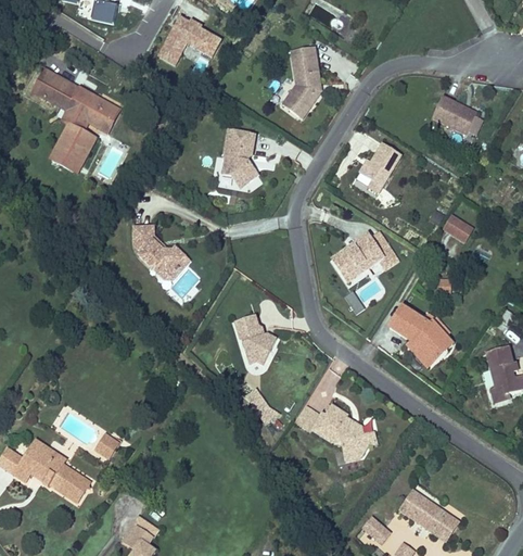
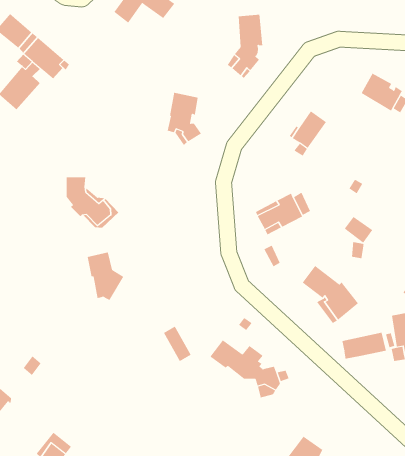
building: [442,214,473,242] -> [344,216,373,244]
building: [234,311,277,363] -> [87,252,124,301]
building: none -> [342,332,386,359]

